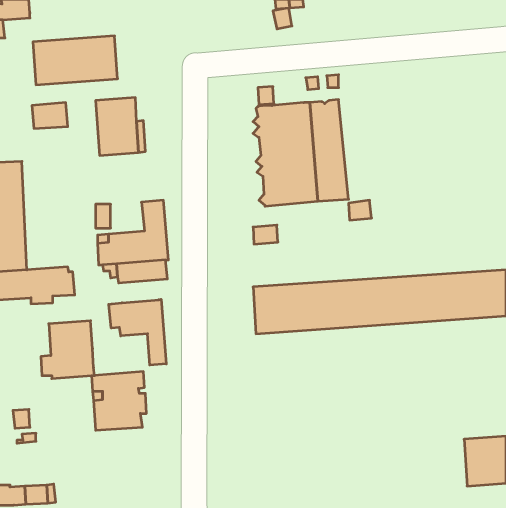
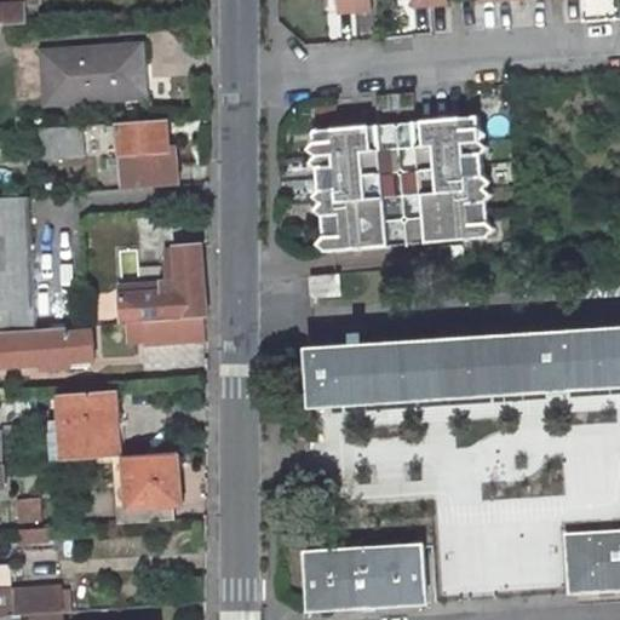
building: none -> [412,115,493,242]
building: [109,299,166,365] -> none
building: none -> [304,544,425,609]

